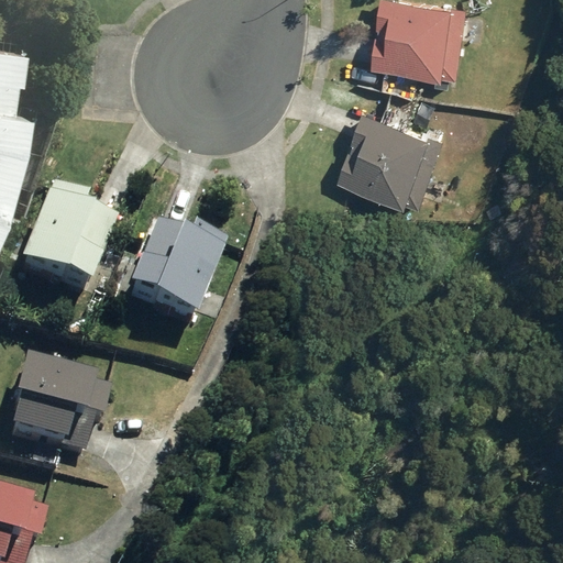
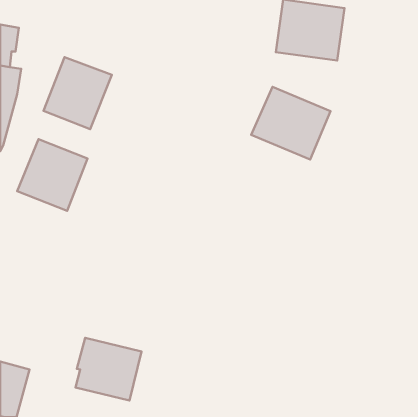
building: none -> [43,57,112,129]
building: [131,216,225,318] -> none
building: [13,357,102,442] -> [75,338,142,401]

